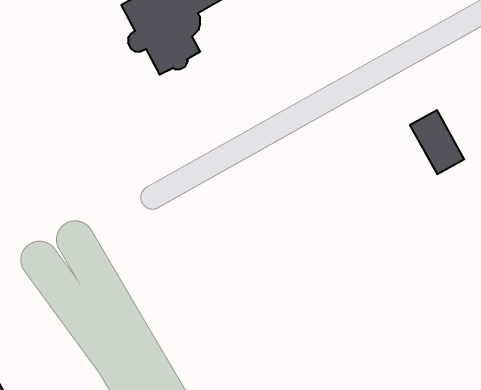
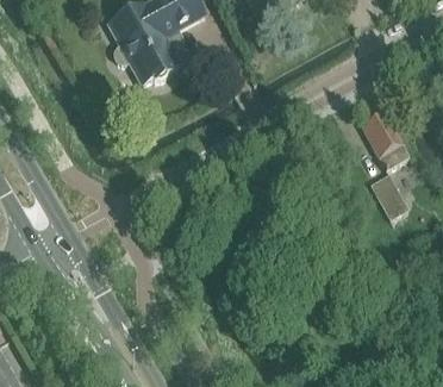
building: none -> [369,173,407,218]

